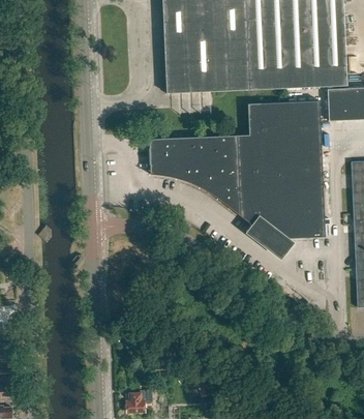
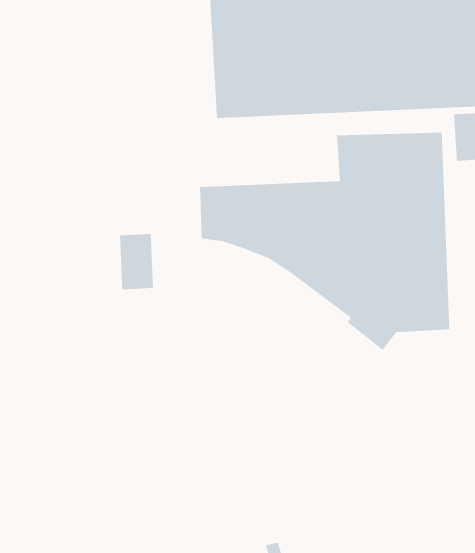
building: none -> [120,233,153,290]

